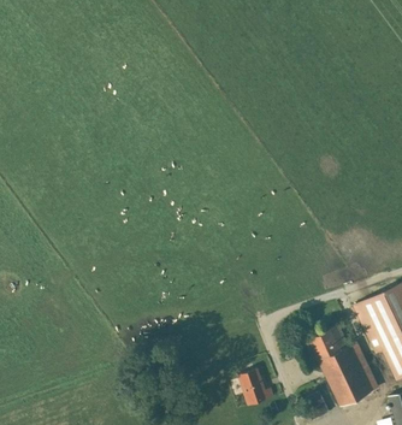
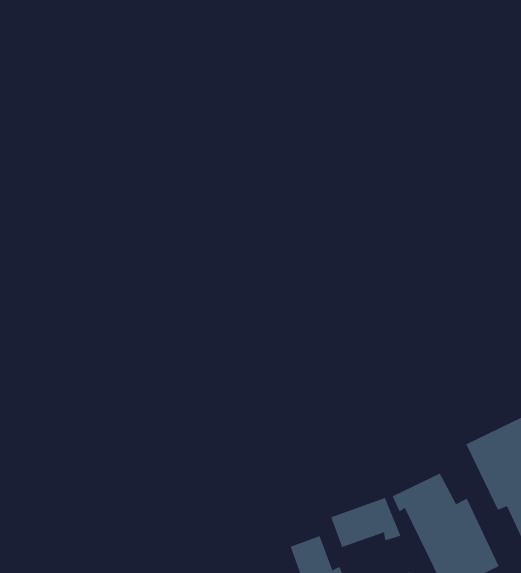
building: none -> [330,497,401,548]

